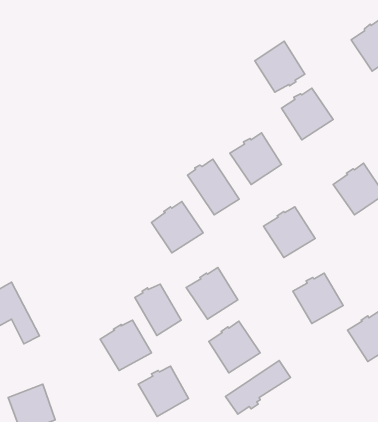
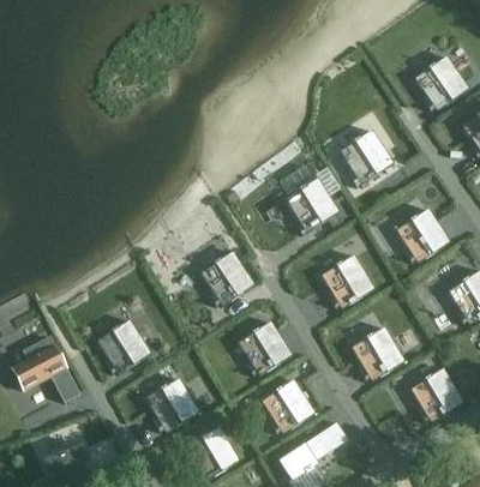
building: [255,41,305,92] -> none
building: [188,159,239,215] -> none
building: none -> [96,318,150,373]
building: [135,284,181,336] -> none

